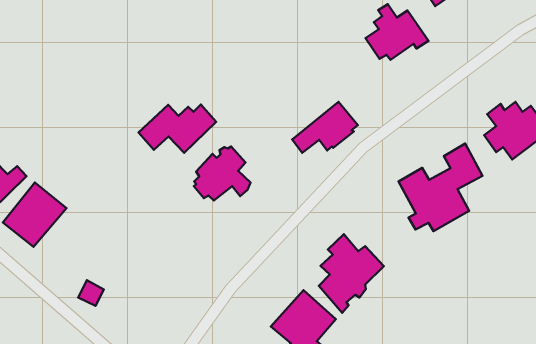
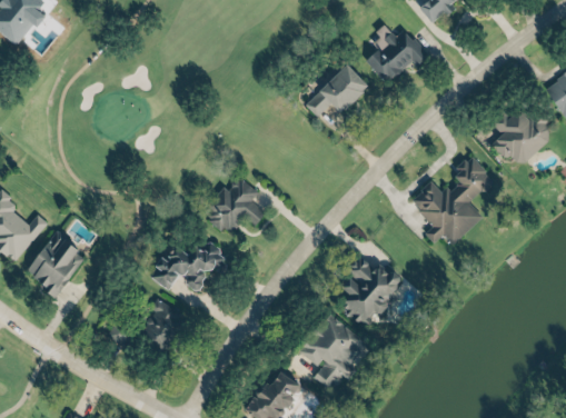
building: [292,102,358,153] -> [307,64,370,118]
building: [138,105,216,153] -> [150,241,226,290]
building: none -> [140,298,186,349]

